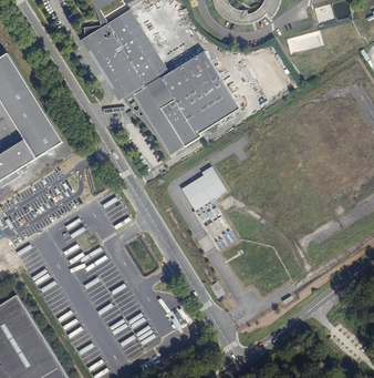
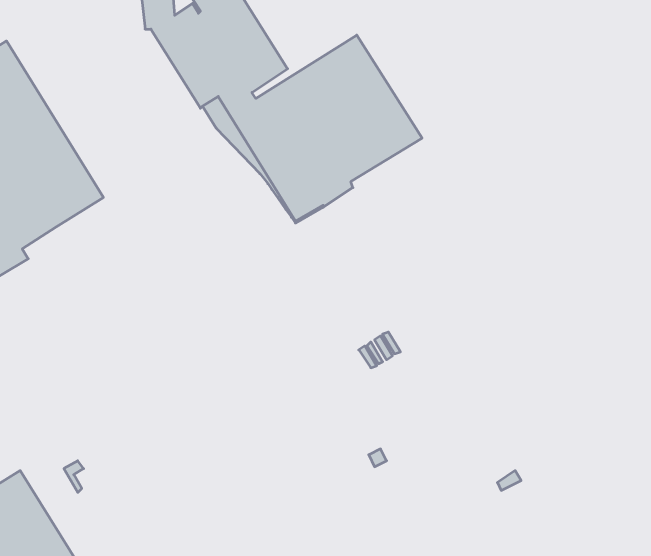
building: [179,166,225,211] -> none

